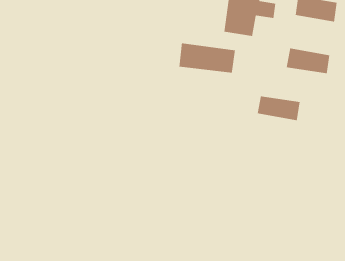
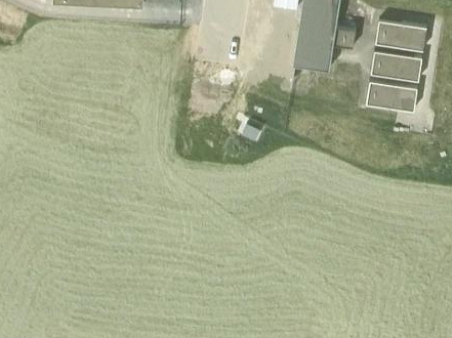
building: [179,43,236,73] -> none
building: [257,96,300,121] -> [371,49,421,78]

